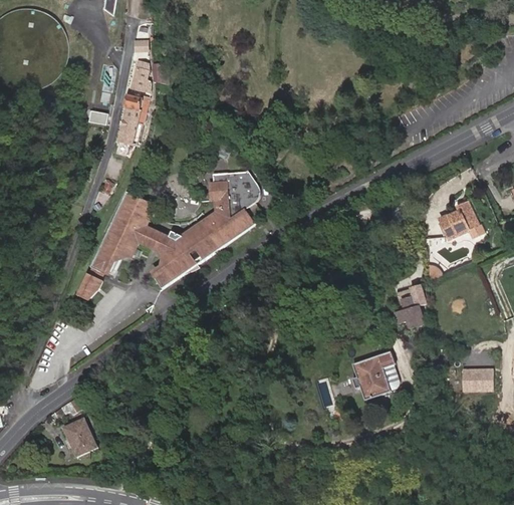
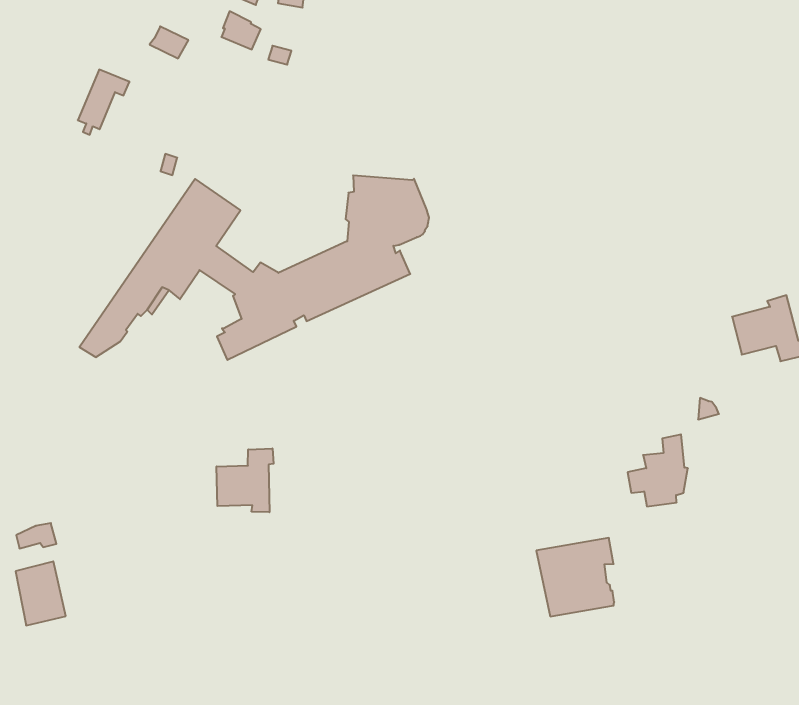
building: [119,109,145,147] -> [78,70,130,135]
building: none -> [217,448,274,512]
building: [462,368,493,392] -> none

